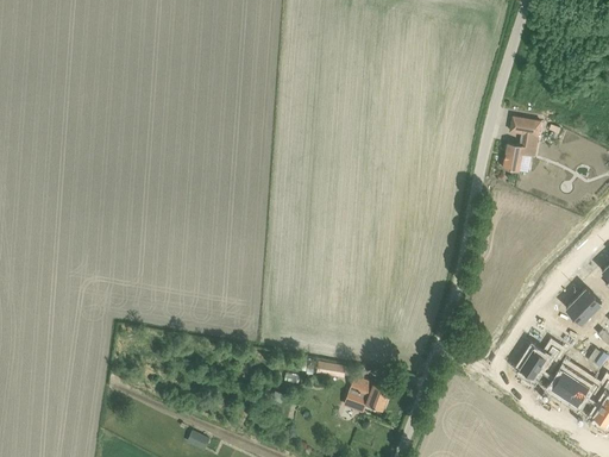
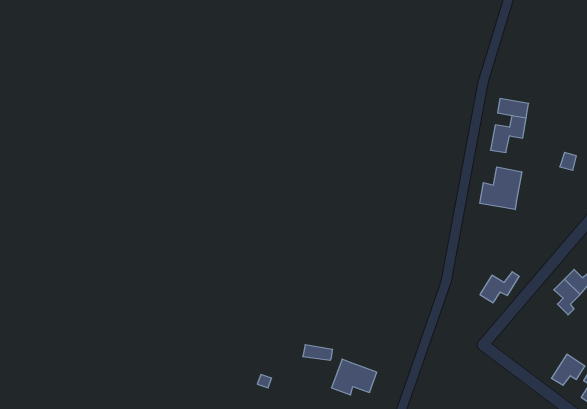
building: none -> [480,167,522,210]
building: [520,344,559,375] -> [480,272,519,303]
building: [550,359,578,395] -> none

